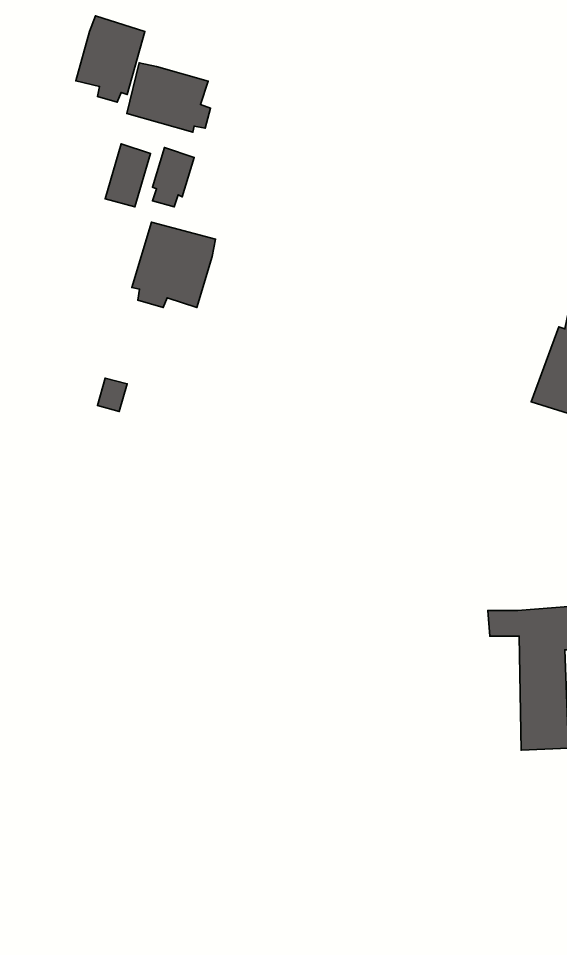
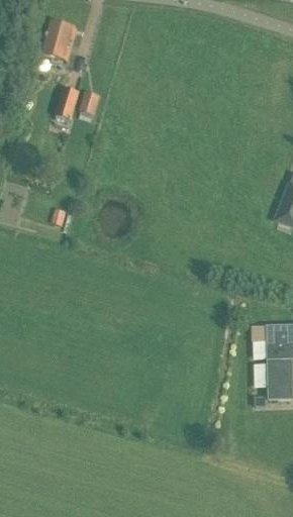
building: [127,63,211,132] -> none
building: [132,222,215,307] -> none

